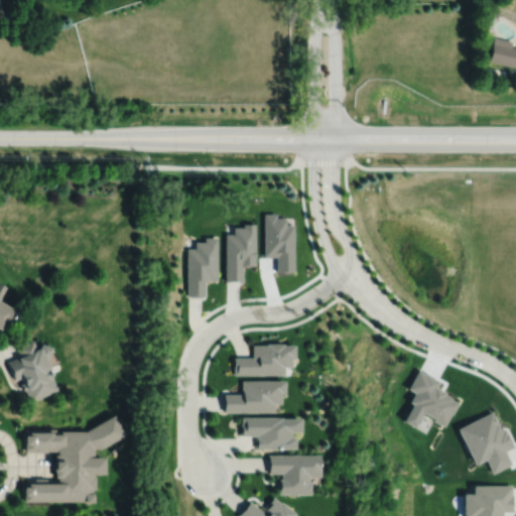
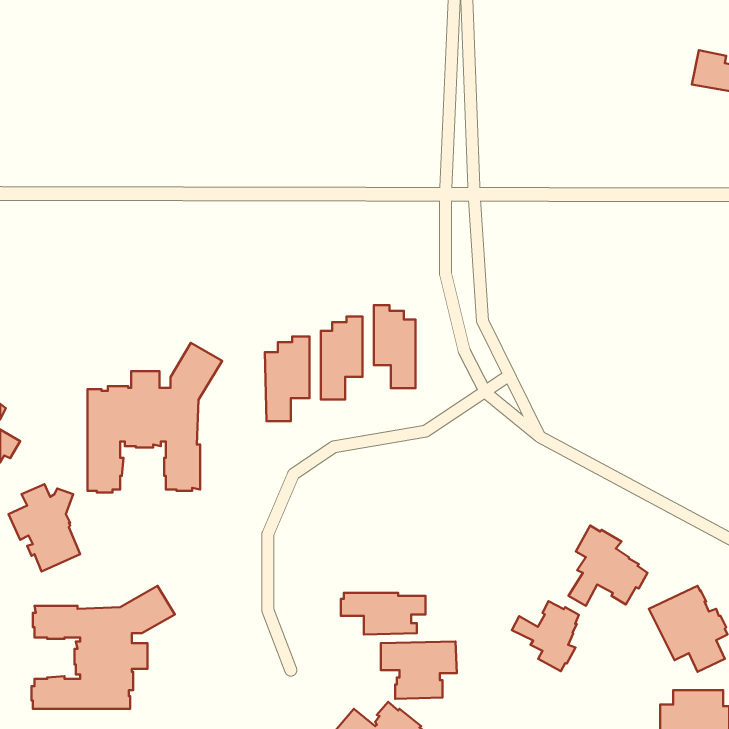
building: none -> [87,343,222,492]
building: [236,346,294,377] -> none
building: [226,383,284,414] -> none
building: none -> [512,601,579,671]

